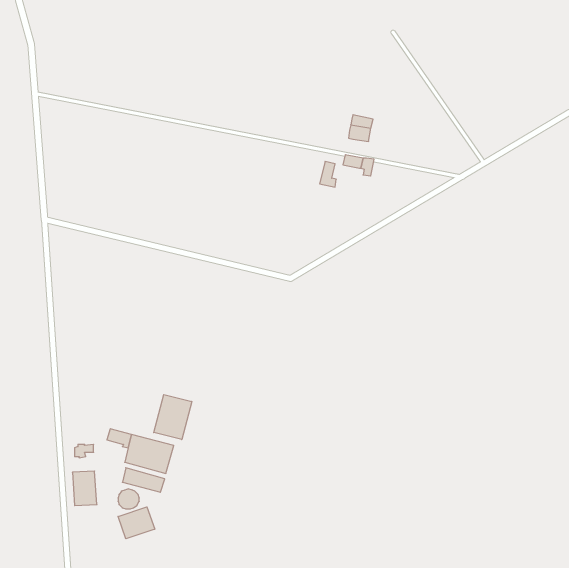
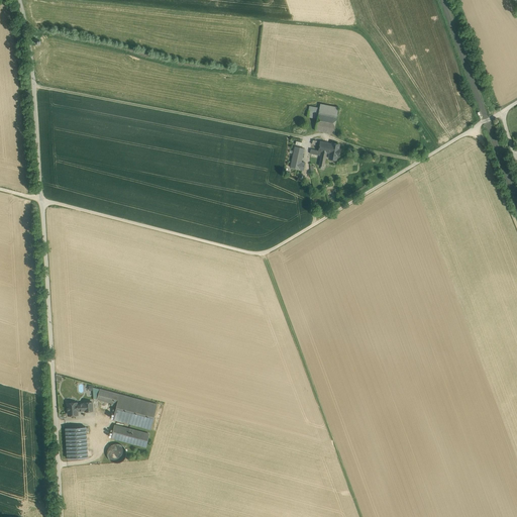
building: [154,395,192,440] -> none
building: [118,507,155,539] -> none

